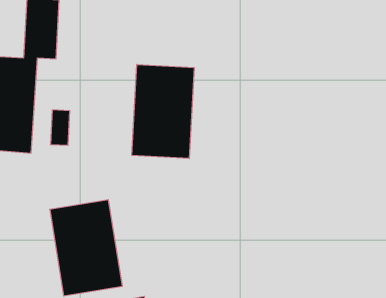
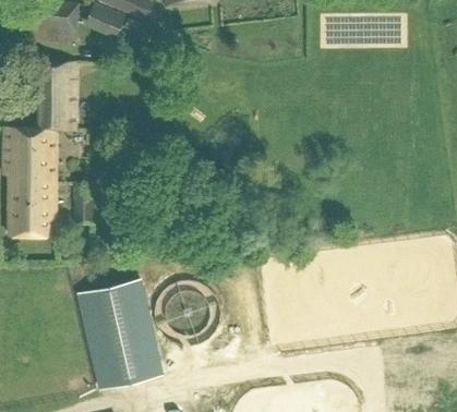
building: [132,64,194,159] -> none

